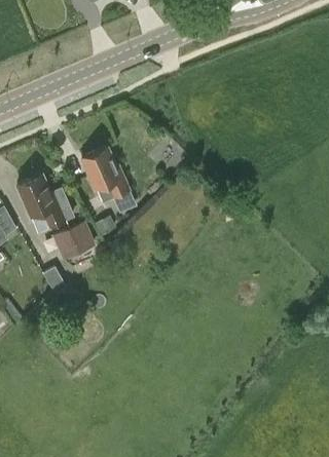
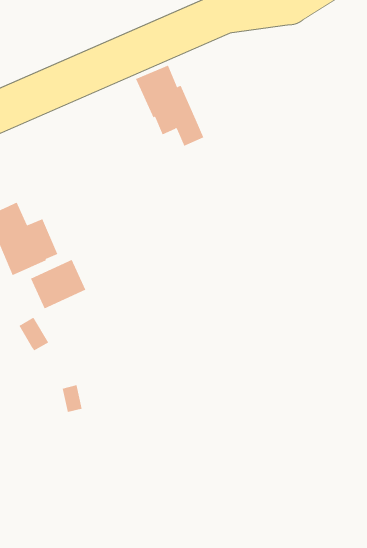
building: [80,148,136,214] -> [135,65,204,147]

